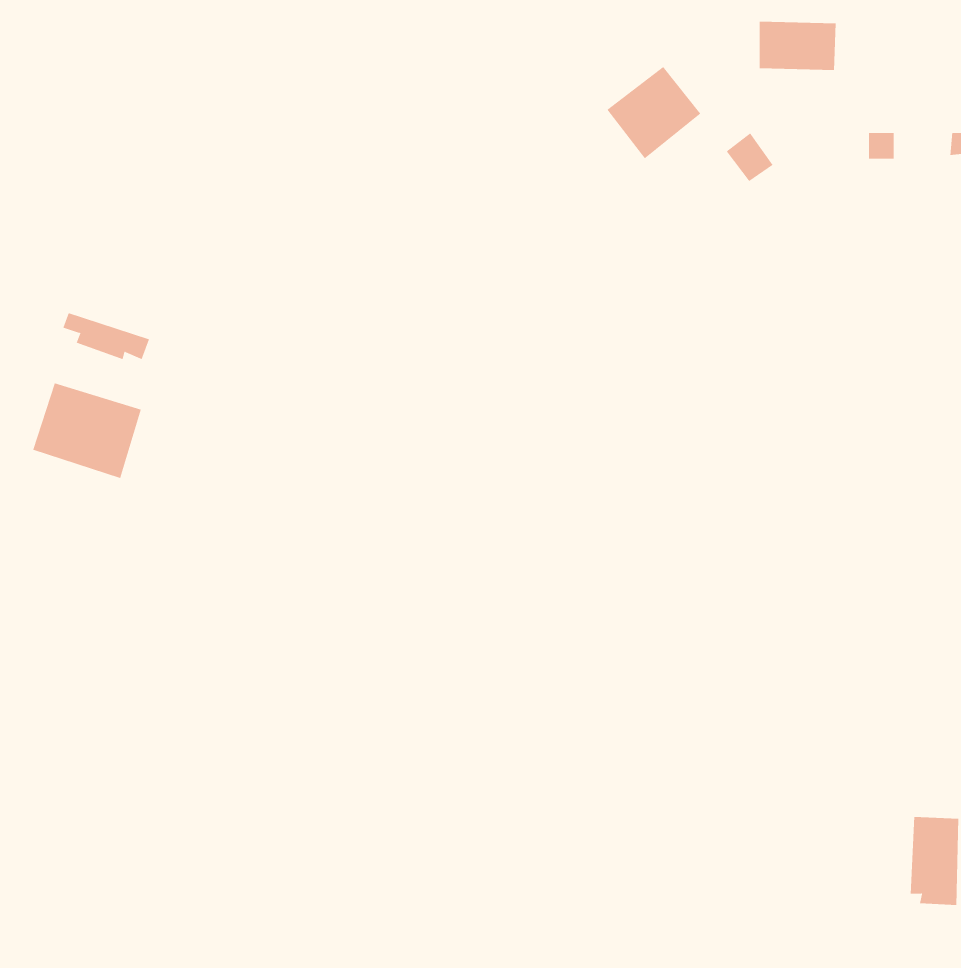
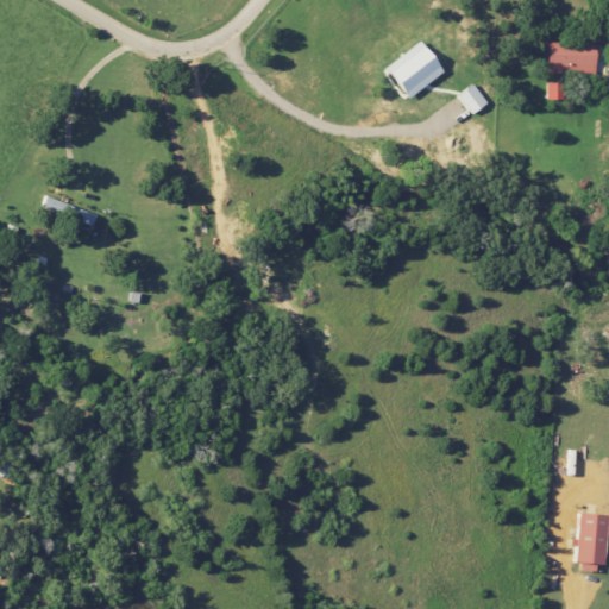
building: [759,21,837,70] -> [550,43,598,74]
building: [33,383,142,479] -> none

